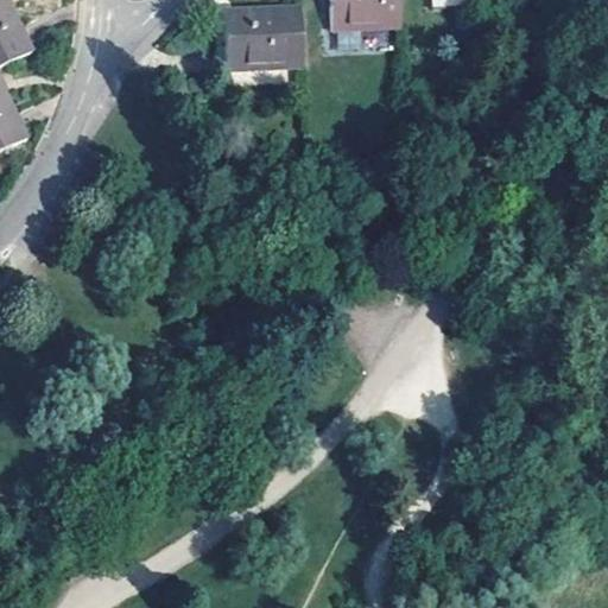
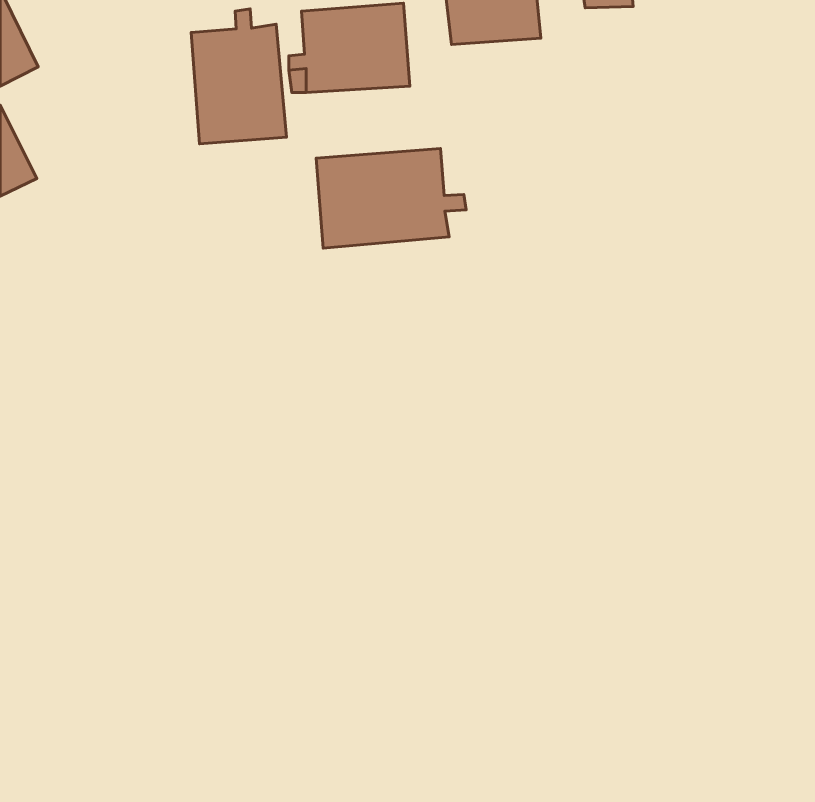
building: none -> [191,9,287,144]
building: none -> [316,149,466,248]

